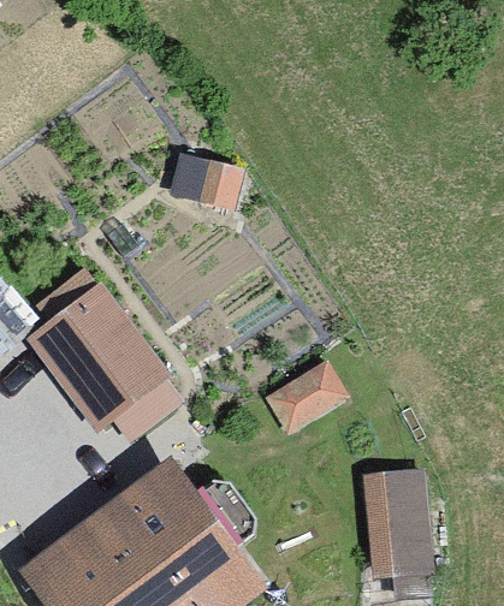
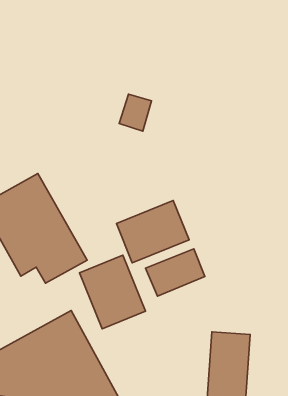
building: none -> [116,201,189,263]
building: none -> [80,255,145,329]

